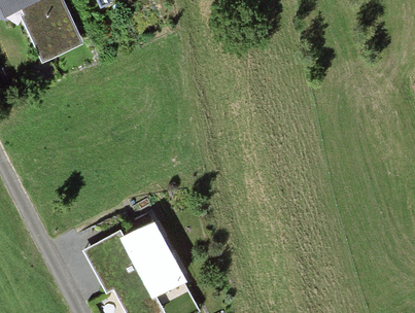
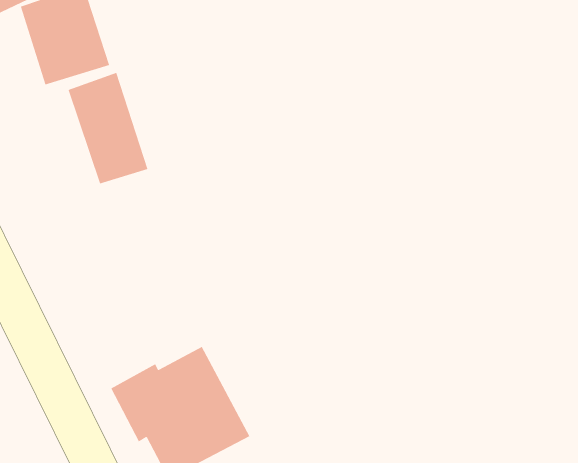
building: none -> [67,72,149,184]

